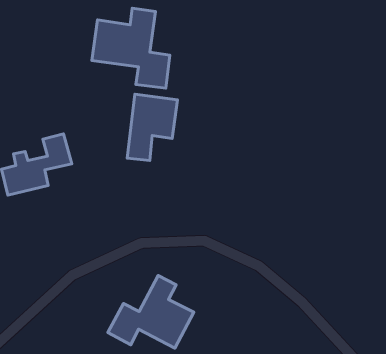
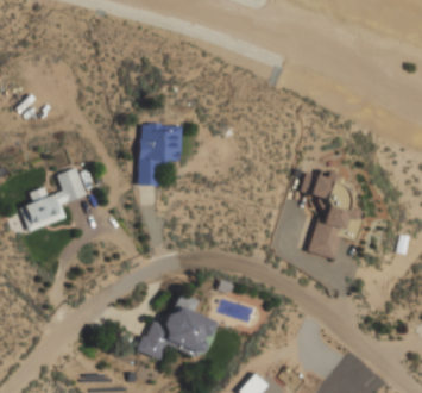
building: [92,8,170,88] -> none
building: none -> [306,169,359,258]

